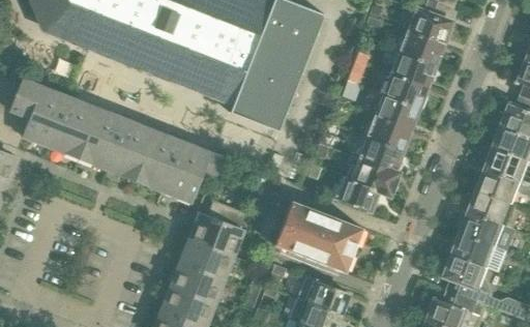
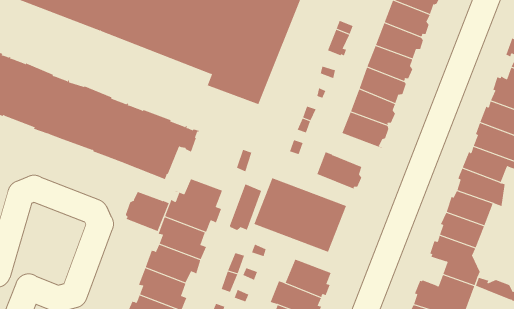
building: [346,155,399,196] -> none
building: none -> [229,183,262,231]
building: none -> [125,191,169,232]

